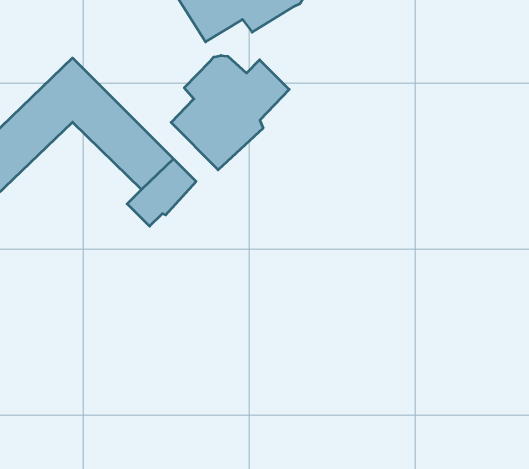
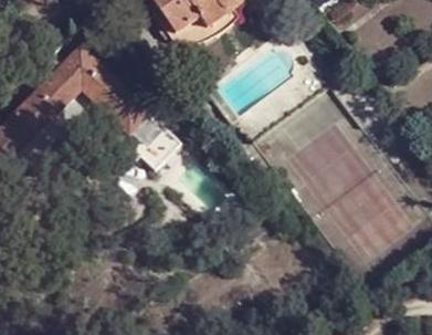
building: [171,55,289,170] -> none

